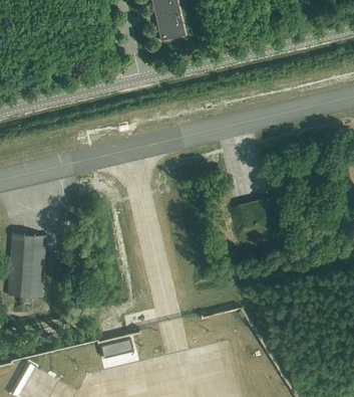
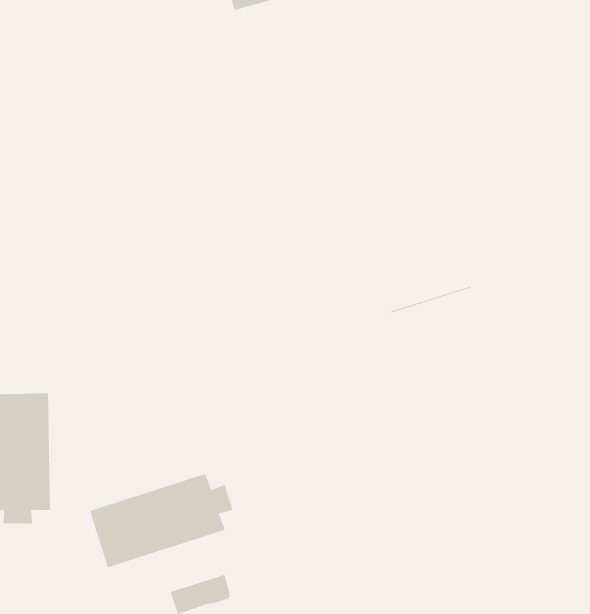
building: none -> [90,473,233,568]

